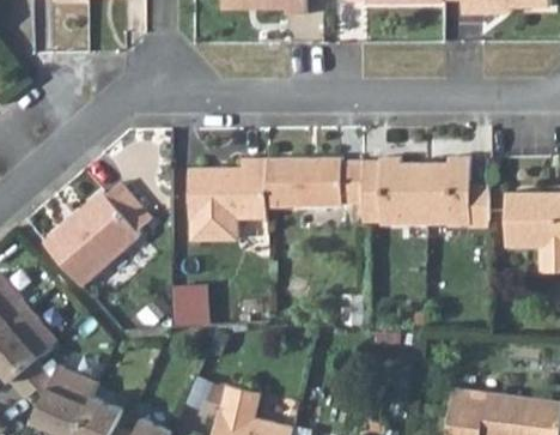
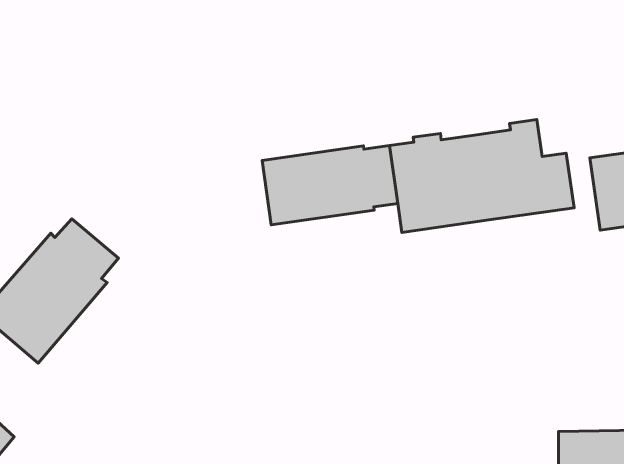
building: [185,159,263,241] -> none
building: [175,280,211,320] -> none

